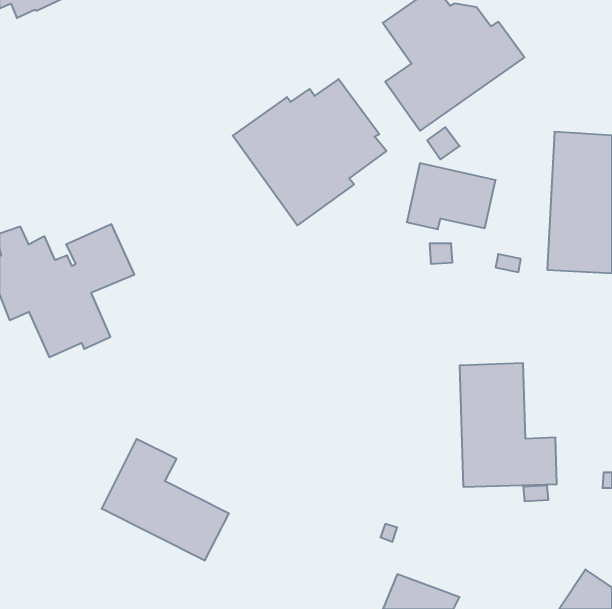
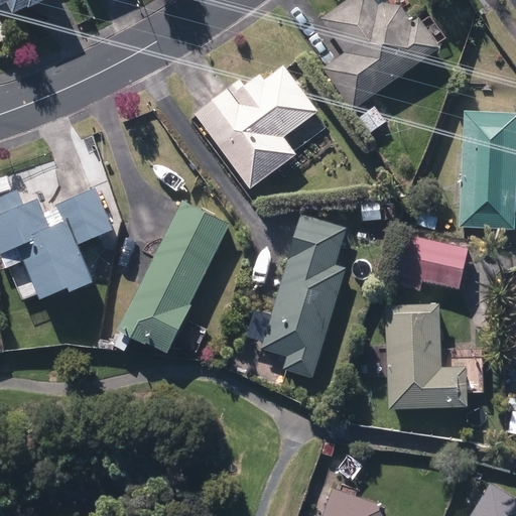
building: [407,163,496,229] -> [394,235,469,290]
building: none -> [112,203,226,355]
building: none -> [257,215,347,378]
building: [102,439,229,561] -> none

